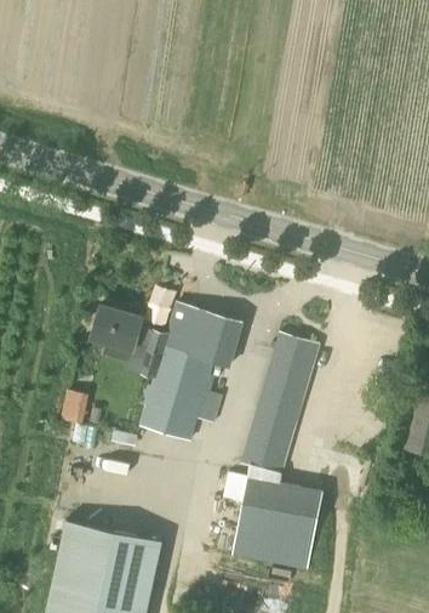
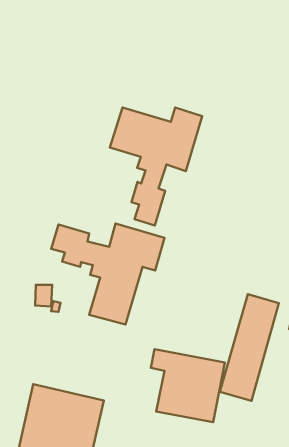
building: none -> [110,107,202,225]
building: [241,331,320,475] -> [220,294,279,401]

